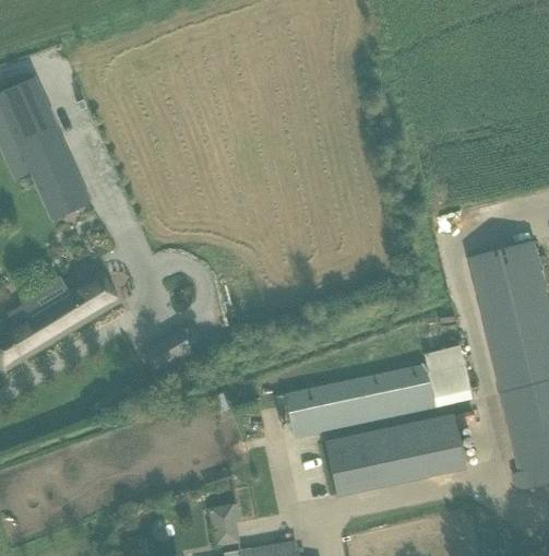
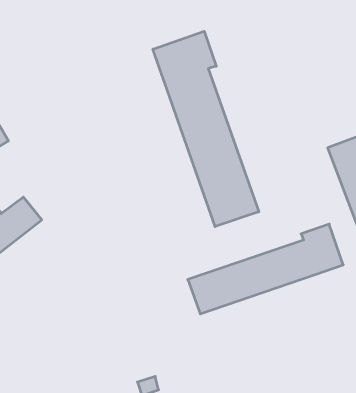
building: none -> [153,31,259,227]
building: [324,413,465,495] -> none

